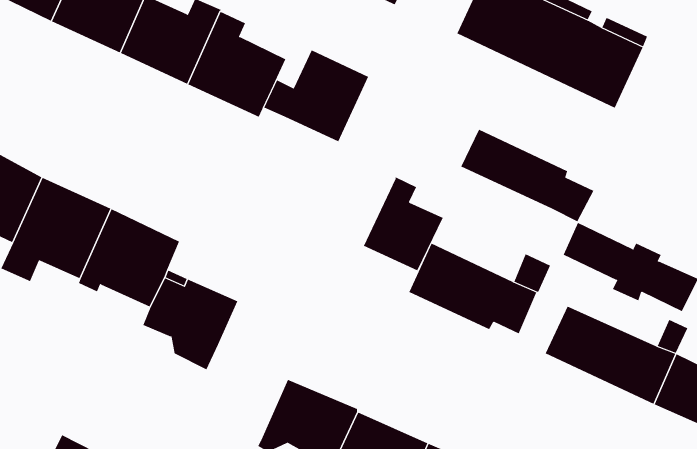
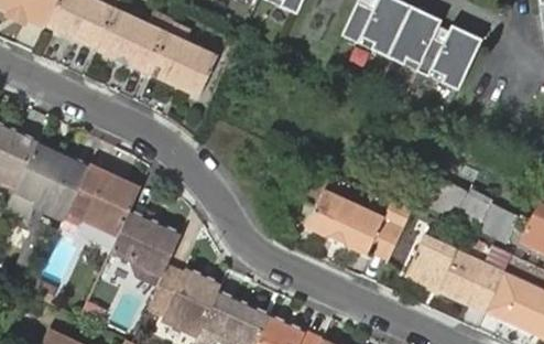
building: [264,50,369,142] -> none
building: [460,129,594,222] -> none
building: [363,177,443,271] -> none
building: none -> [149,266,221,336]

